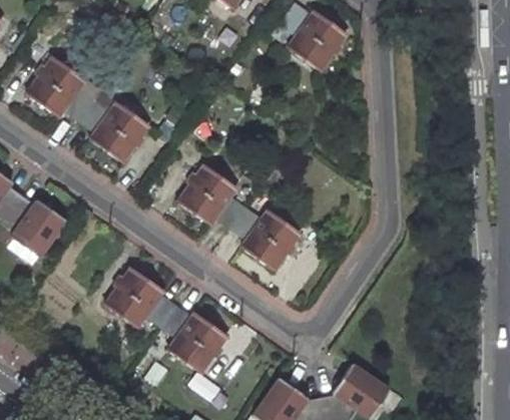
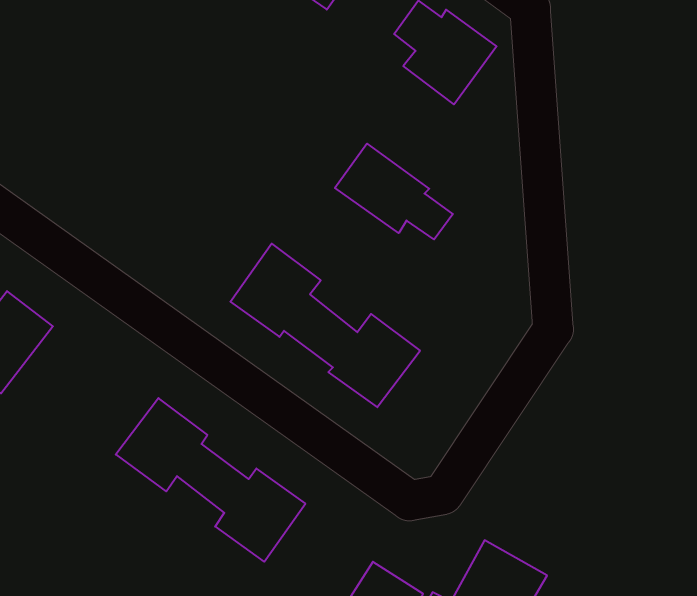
building: [31,58,154,165] -> none
building: none -> [335,144,453,239]

